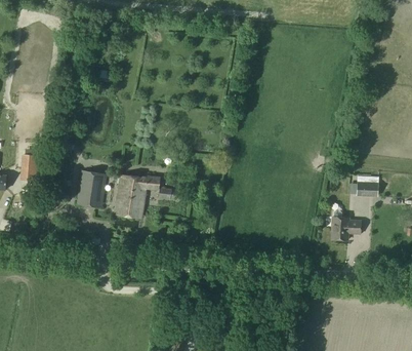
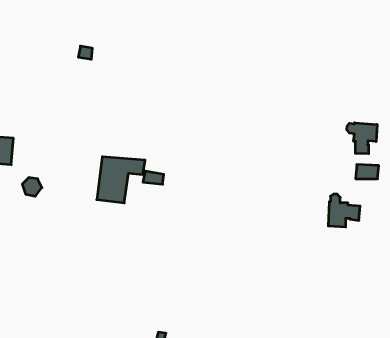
building: none -> [347,123,377,154]
building: [77,170,106,208] -> none

